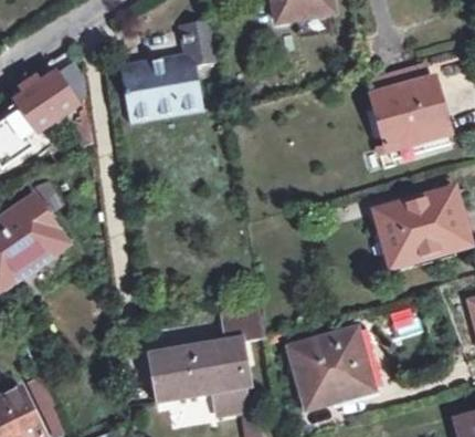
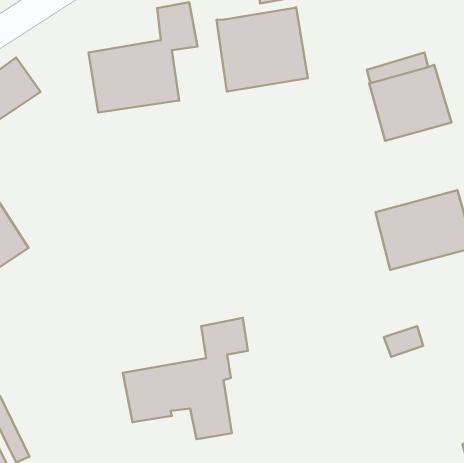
building: none -> [217,7,308,92]
building: [291,329,380,407] -> none

